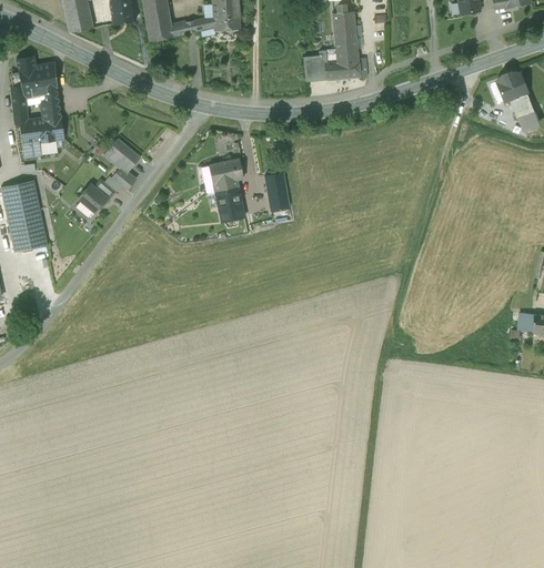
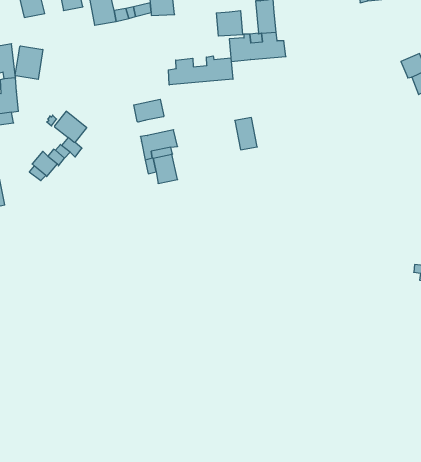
building: none -> [216,11,243,36]
building: none -> [15,46,43,79]
building: none -> [168,56,233,85]
building: none -> [134,99,164,122]
building: [263,173,289,210] -> [235,118,257,150]

